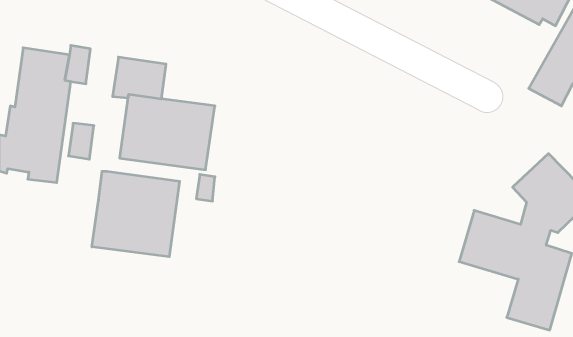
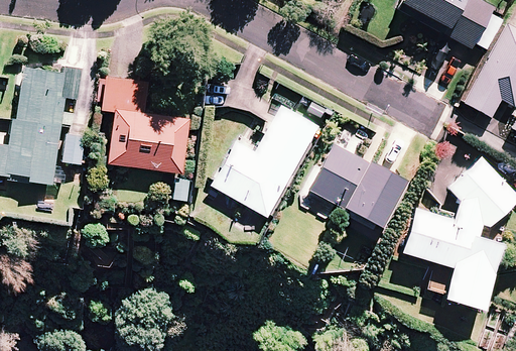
building: none -> [212,105,319,217]
building: none -> [308,144,405,230]
building: [92,171,180,257] -> none

